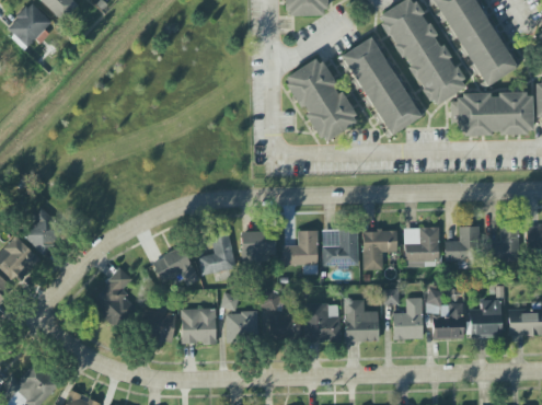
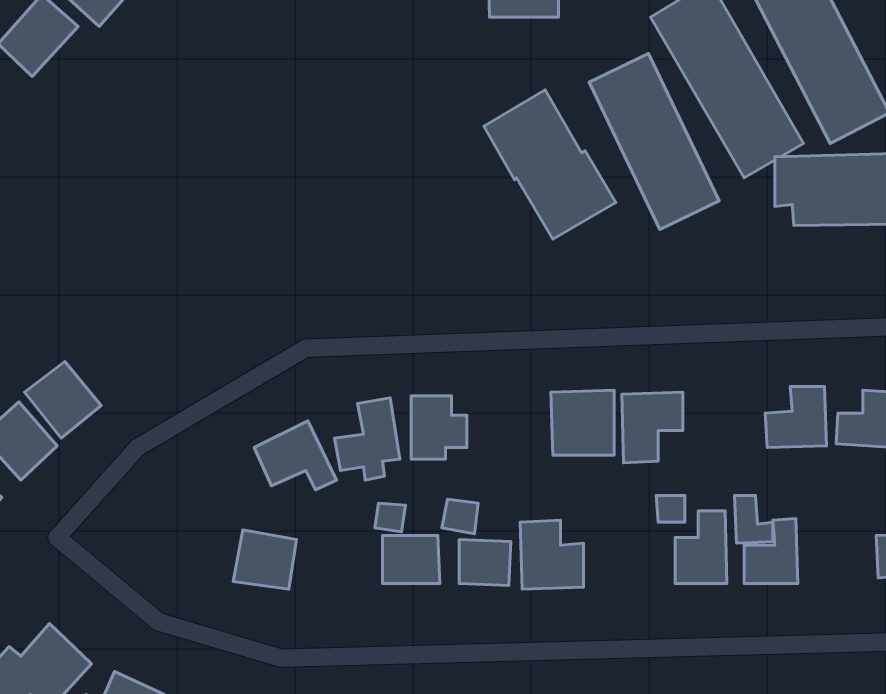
building: [404,227,440,262] -> none
building: [284,230,319,274] -> none
building: [90,268,135,326] -> none
building: [344,299,379,342] -> none
building: [469,300,501,337] -> none
building: [181,309,216,345] -> none

